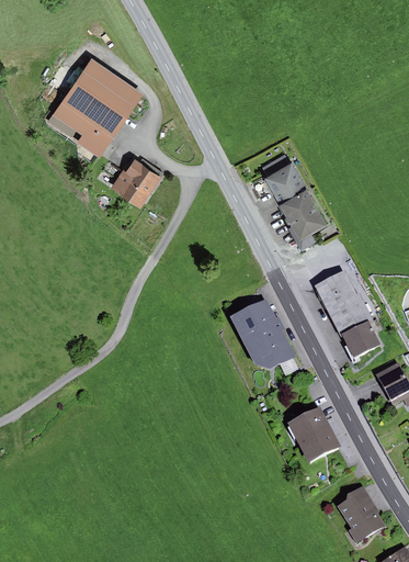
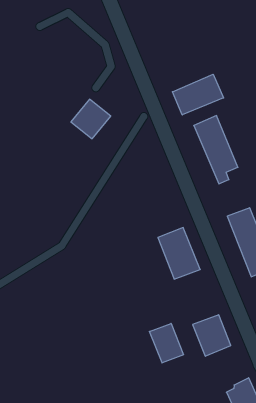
building: [53,58,143,155] -> none
building: none -> [172,74,224,115]
building: none -> [149,323,184,363]

